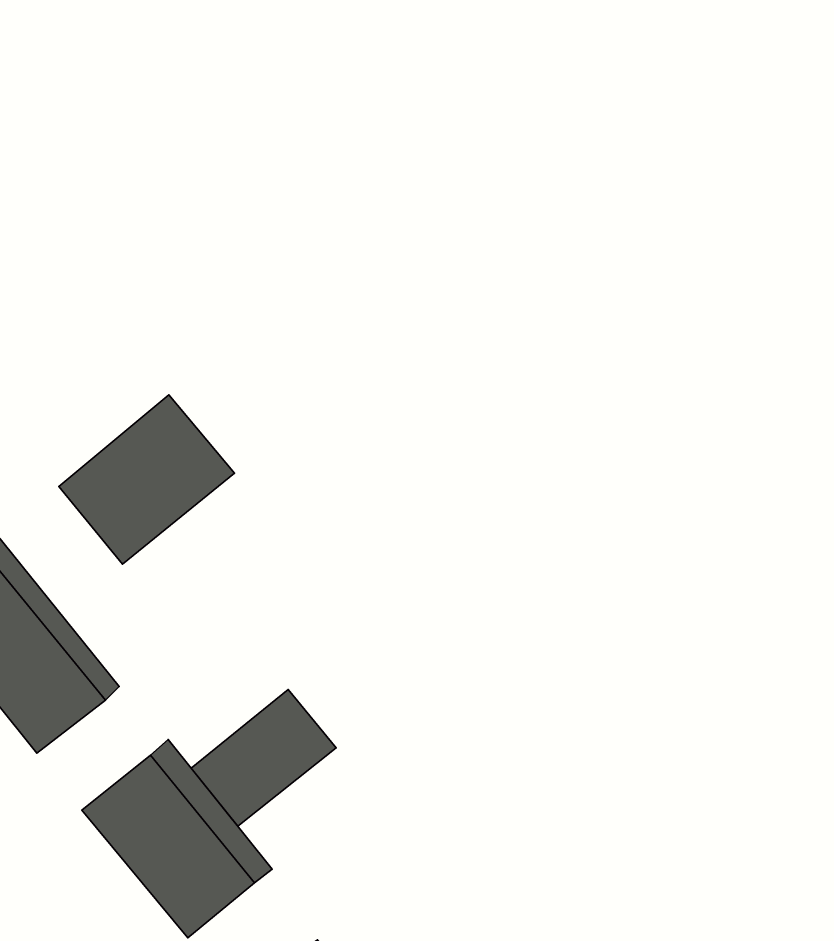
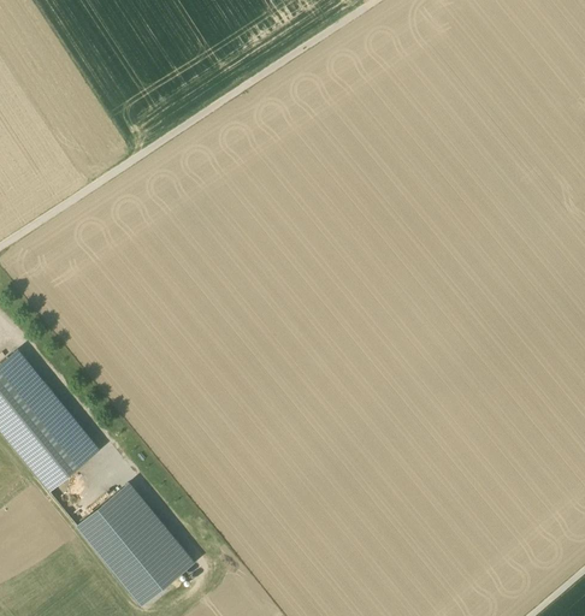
building: [59,395,235,564] -> none
building: [191,689,336,826] -> none

